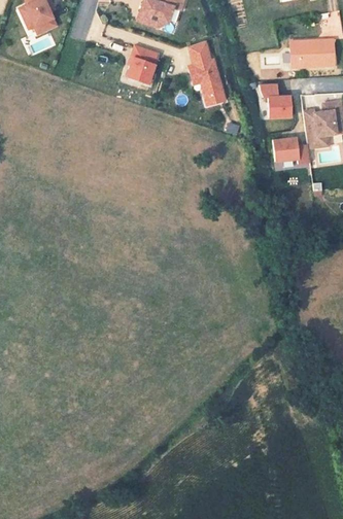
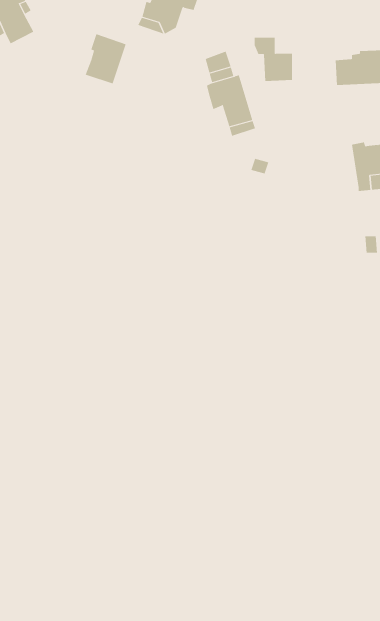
building: [127,44,159,83] -> [85,33,127,84]
building: [254,82,284,116] -> [254,37,293,81]
building: [270,139,308,165] -> none

